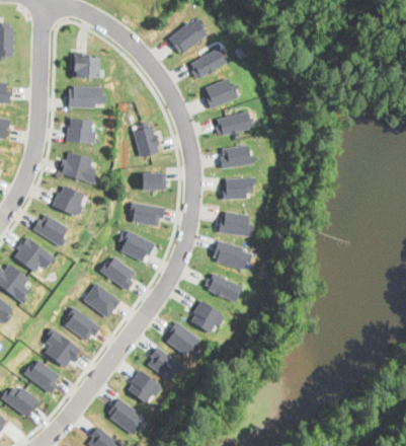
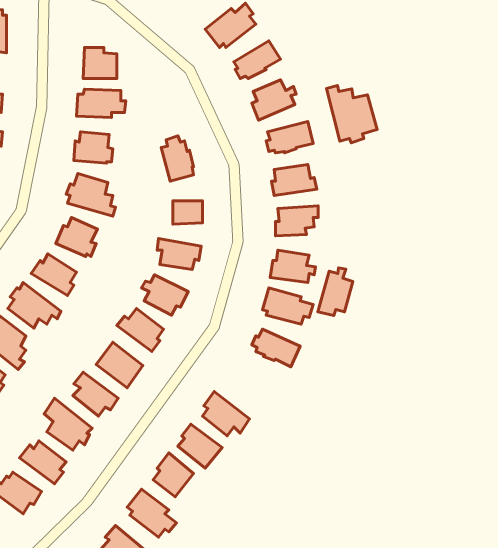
building: none -> [326,86,377,143]
building: none -> [318,268,353,315]
building: [190,300,224,333] -> none

